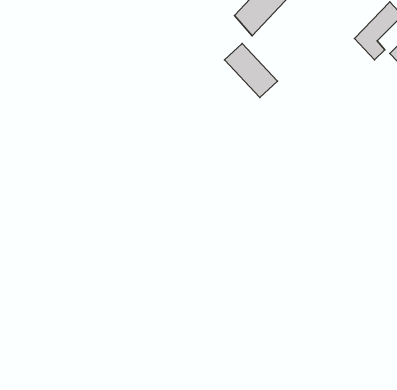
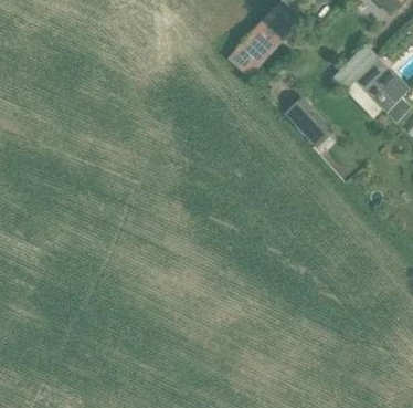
building: [225,43,278,98] -> [286,97,332,145]

